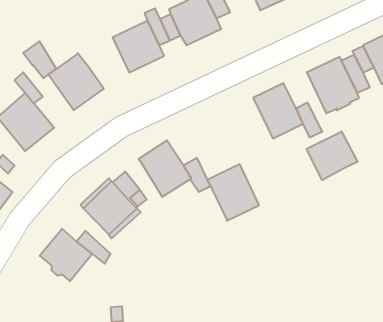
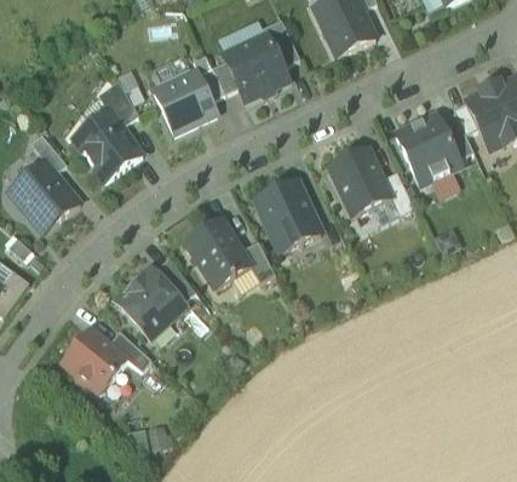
building: [23,41,56,78] -> [96,79,137,125]
building: [307,131,358,180] -> none
building: [208,164,259,221] -> [254,179,318,249]

